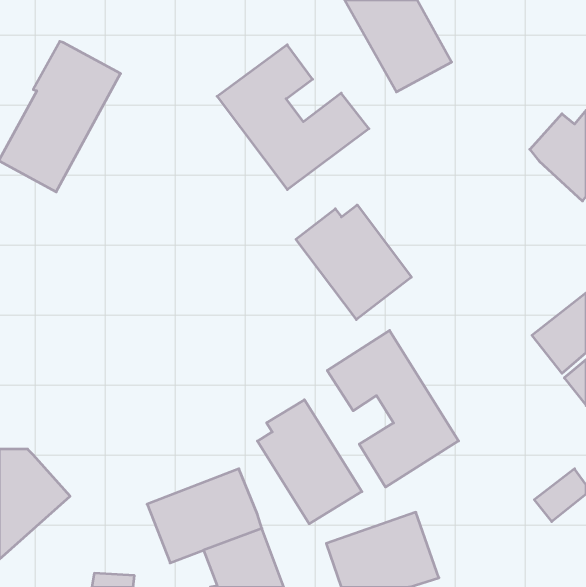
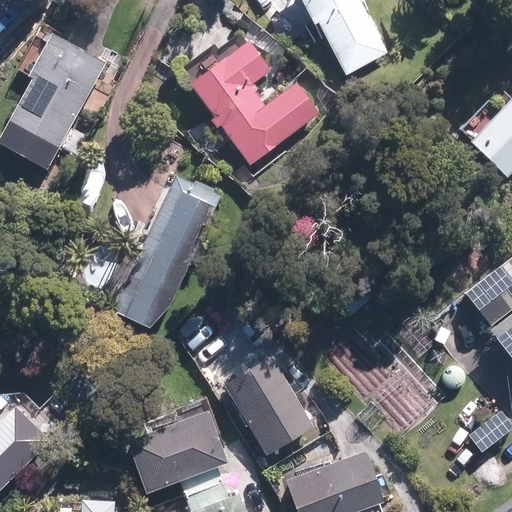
building: none -> [112,170,234,327]
building: [296,205,411,320] -> none
building: [327,330,459,487] -> none

